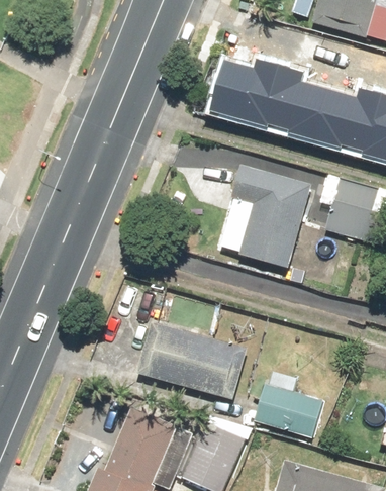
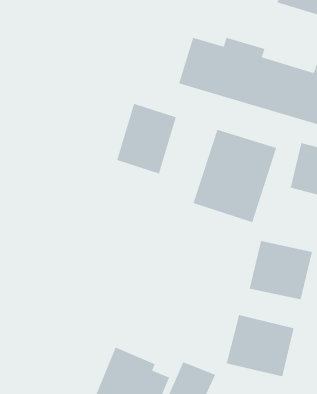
building: none -> [116,103,177,174]
building: none -> [249,240,313,300]
building: [141,324,248,401] -> none

